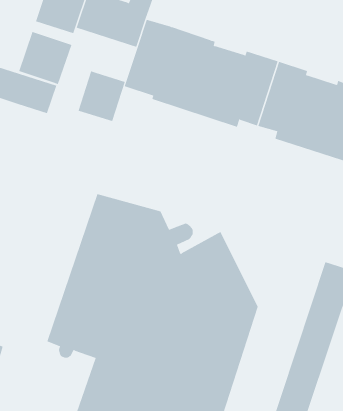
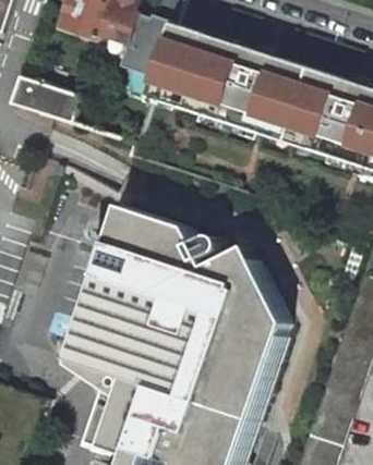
building: [18,31,72,85] -> none
building: [78,71,126,122] -> none

